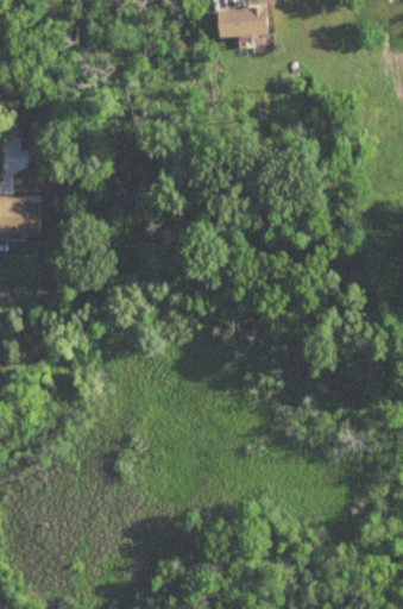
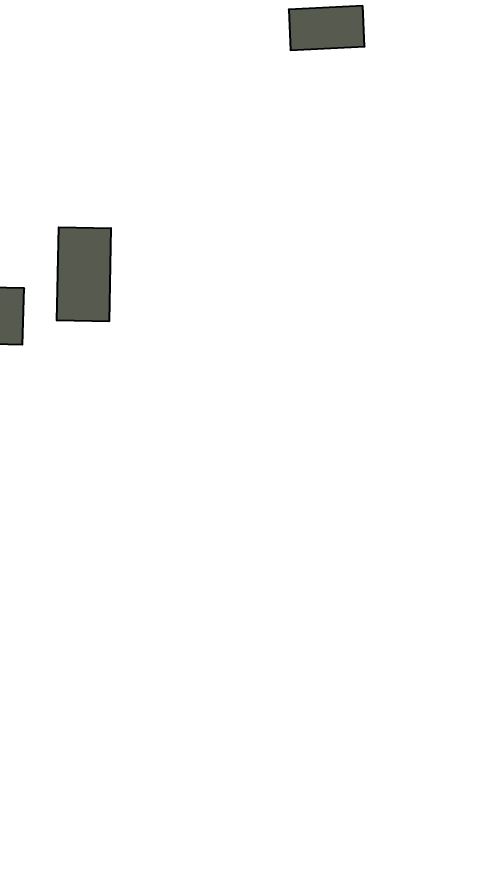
building: none -> [57,227,111,321]

